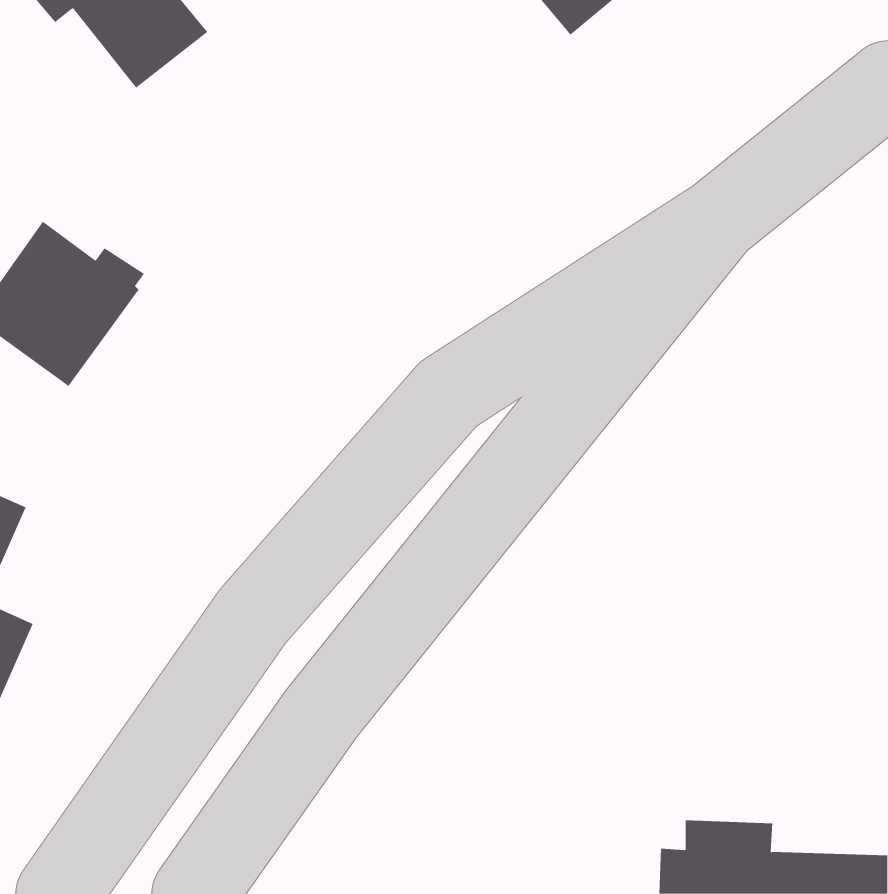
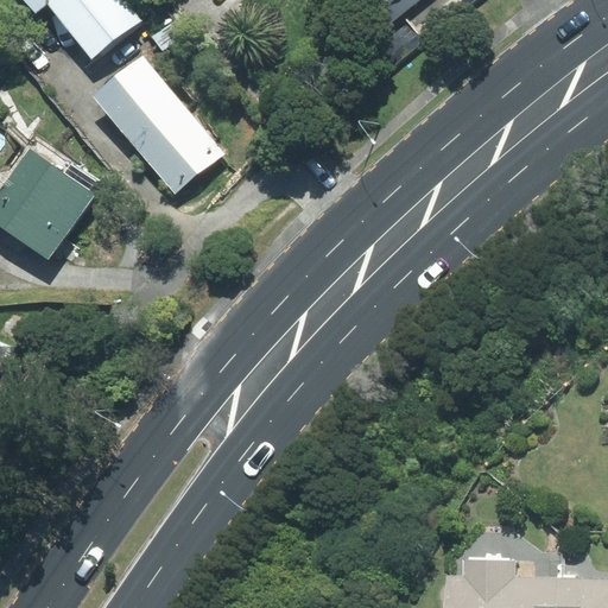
building: none -> [95,40,222,194]

